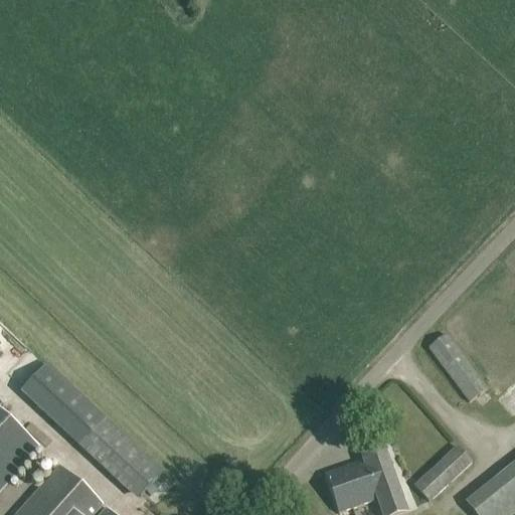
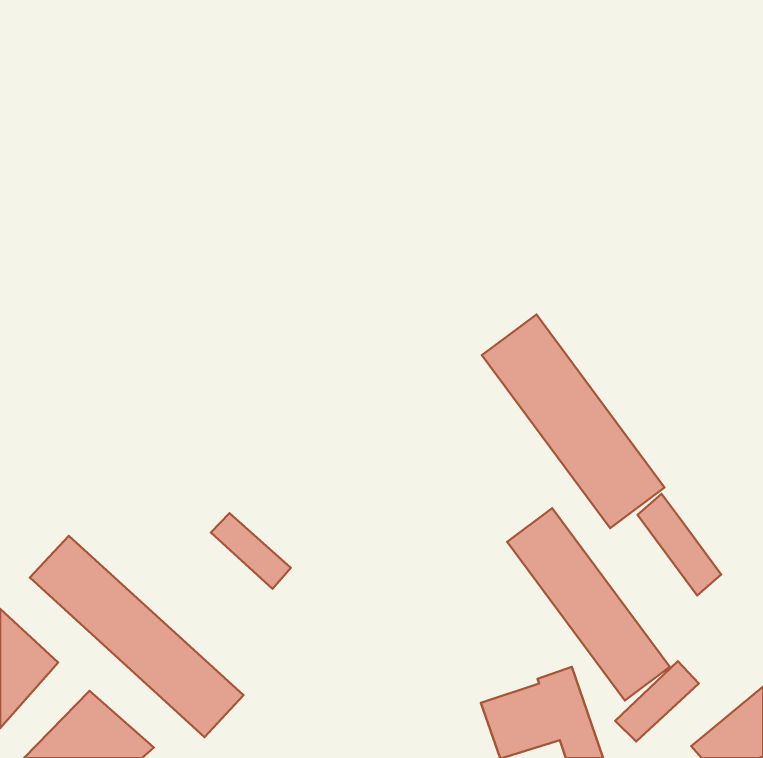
building: none -> [482,314,665,528]
building: none -> [507,508,670,701]
building: none -> [211,513,291,589]

